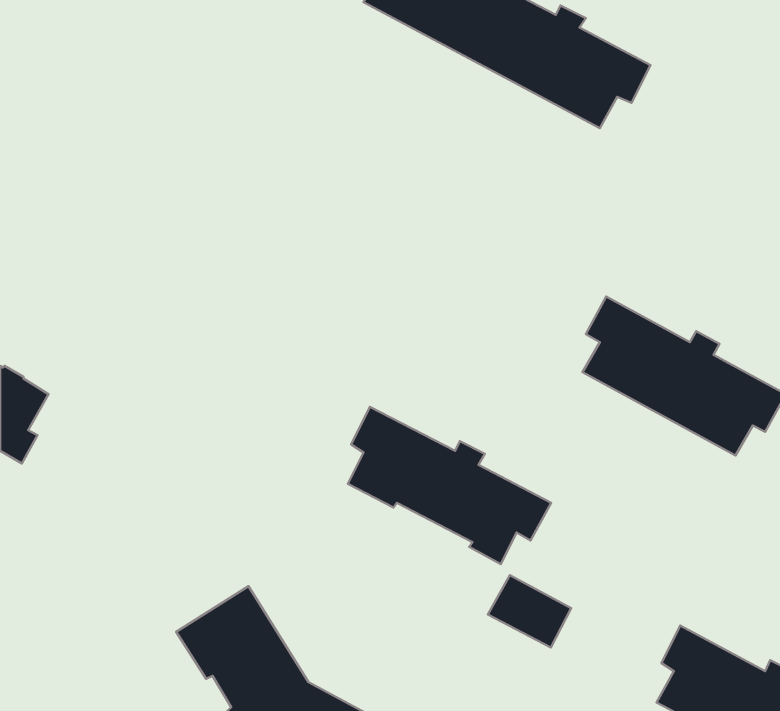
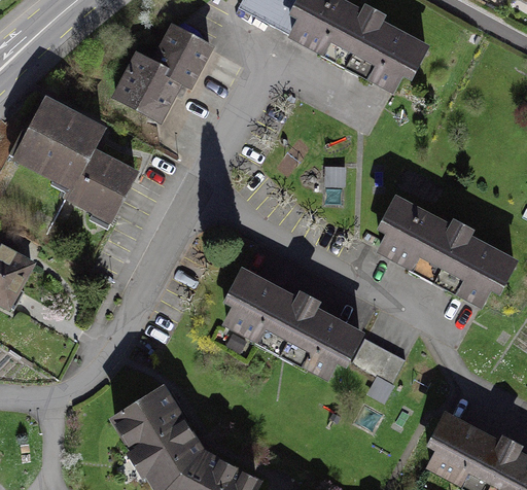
building: none -> [116,26,210,117]
building: none -> [21,99,135,212]
building: [488,575,571,647] -> [351,335,406,382]

